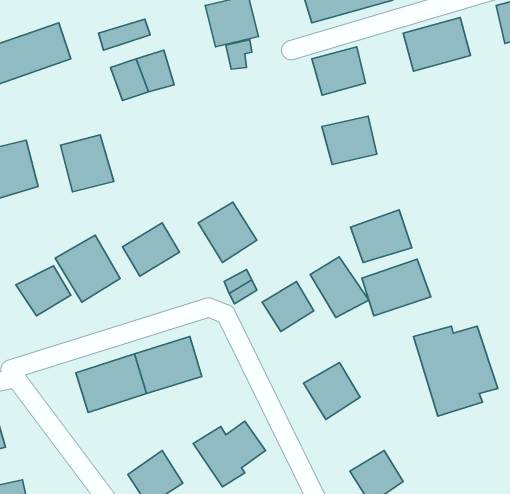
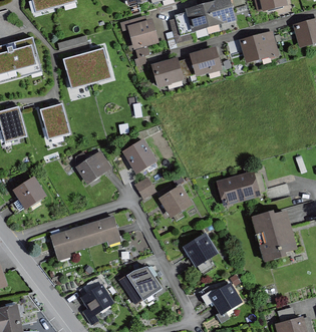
building: [322,116,377,165] -> [148,60,181,88]
building: [351,210,412,263] -> none
building: [55,235,120,302] -> none
building: [310,257,369,318] -> none

